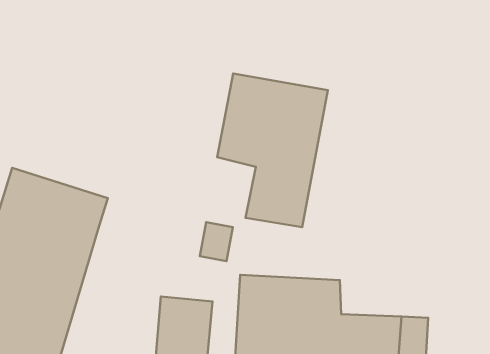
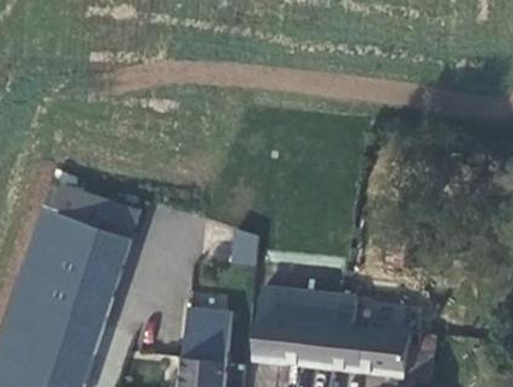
building: [217,73,328,227] -> none

